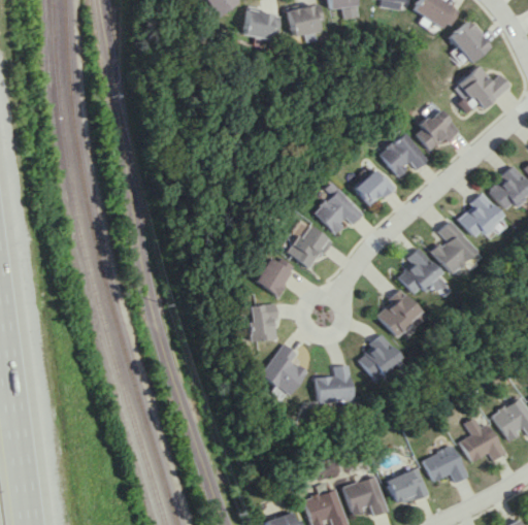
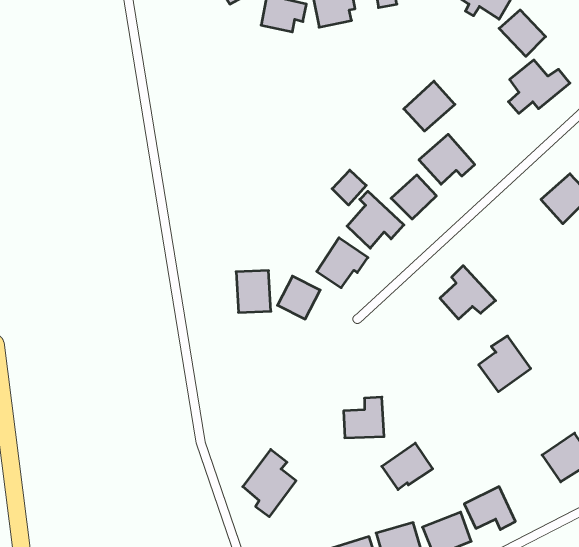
building: [416,108,461,153] -> [404,81,455,131]
building: none -> [332,170,366,205]
building: [459,193,503,239] -> none
building: [432,220,478,273] -> none
building: [377,289,424,338] -> [479,336,531,392]
building: [246,304,277,341] -> [236,271,271,312]
building: [355,336,400,378] -> [382,443,433,490]
building: [257,342,304,402] -> [243,449,296,517]
building: [458,418,503,462] -> none

